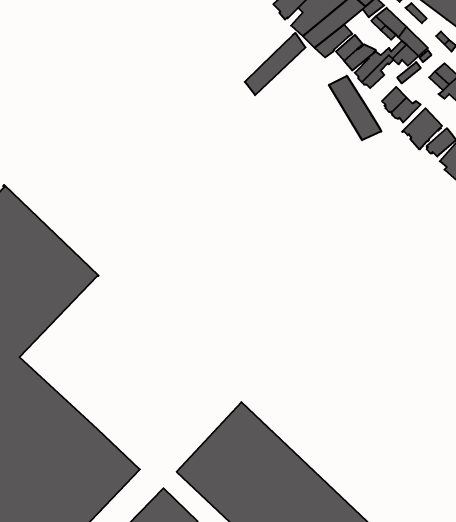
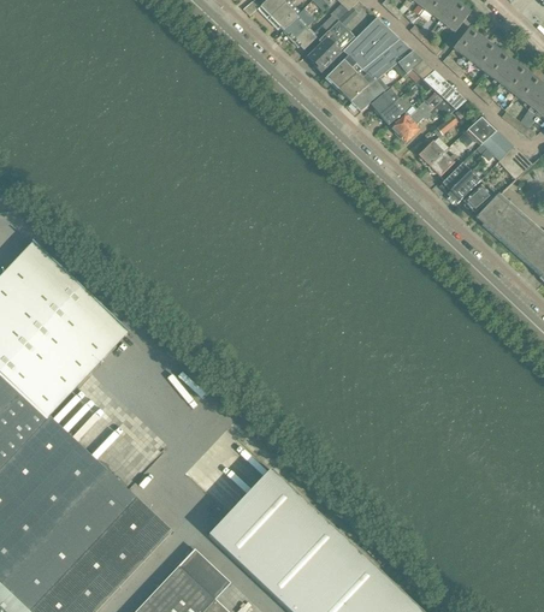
building: [245,33,306,95] -> none
building: [329,76,381,140] -> none

